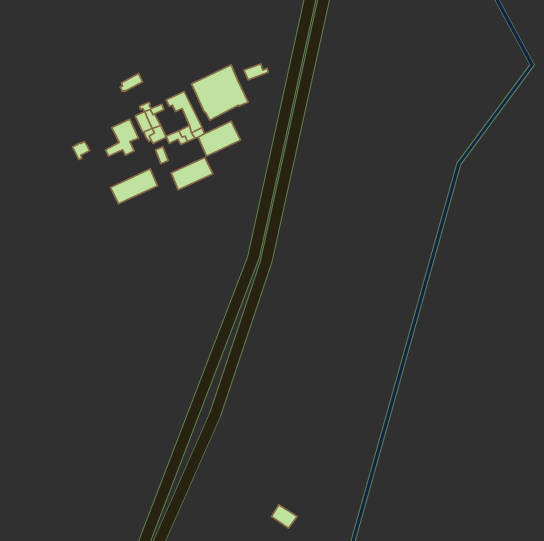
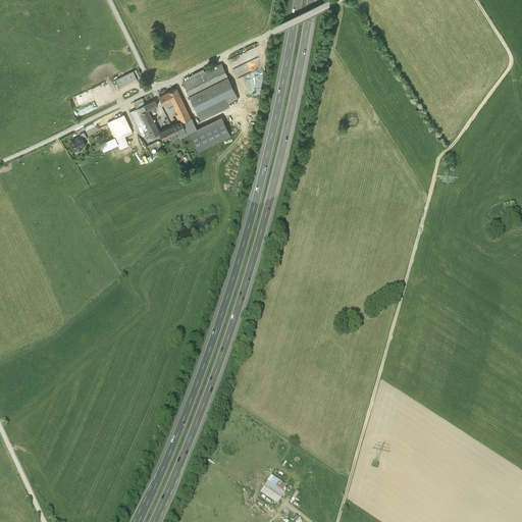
building: [171,158,213,190] -> none
building: [110,169,158,204] -> none

